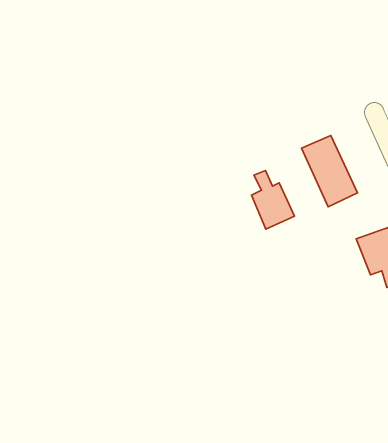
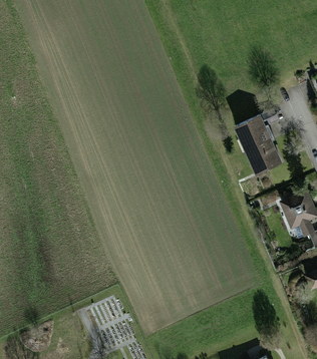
building: [252,170,294,229] -> none

